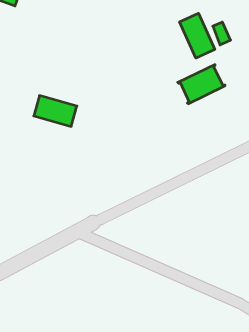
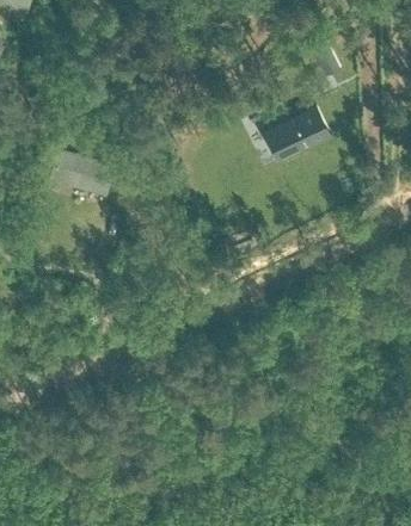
building: [180,13,215,58] -> none

